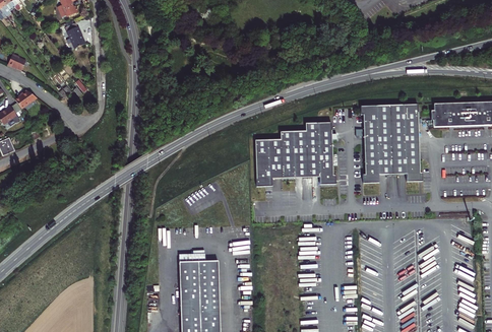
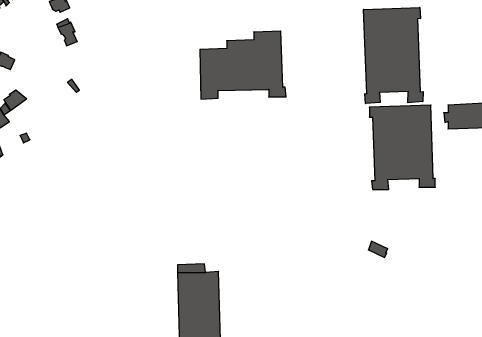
building: none -> [364,7,423,104]
building: [254,122,335,186] -> [200,31,286,99]

